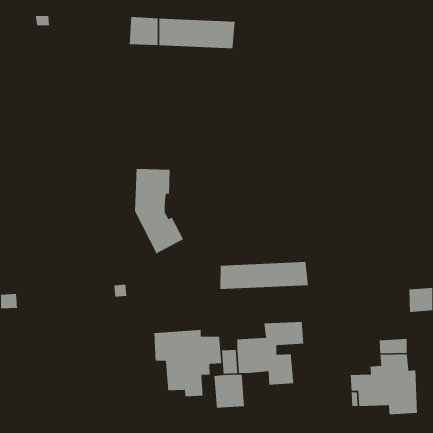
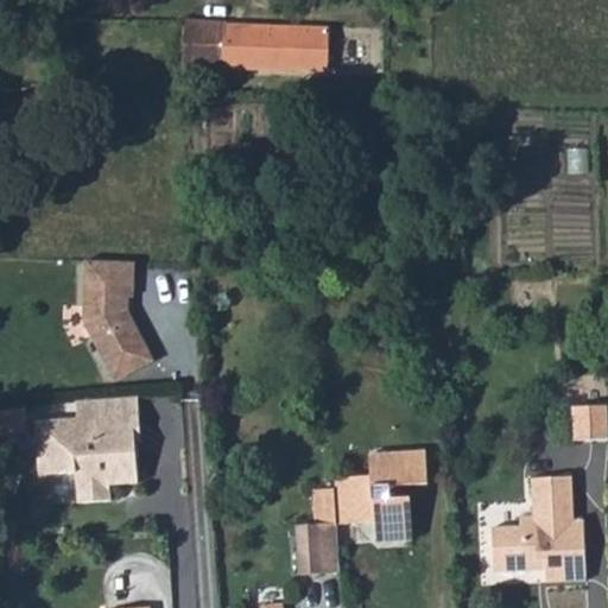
building: [134,168,184,255] -> [80,260,150,381]
building: [220,261,309,290] -> none
building: none -> [32,406,137,506]
building: [154,329,222,397] -> none

